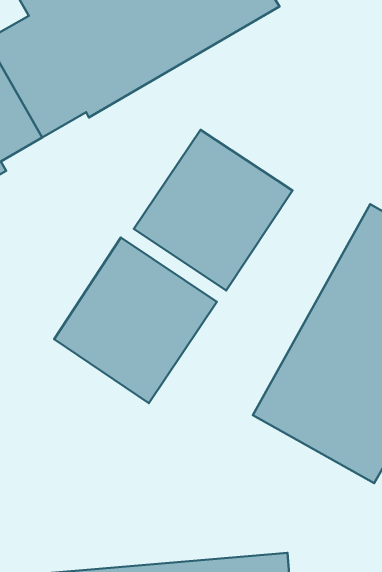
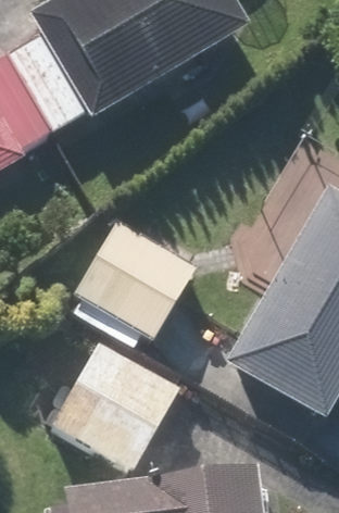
building: [134,130,293,291] -> none
building: none -> [51,340,181,472]

